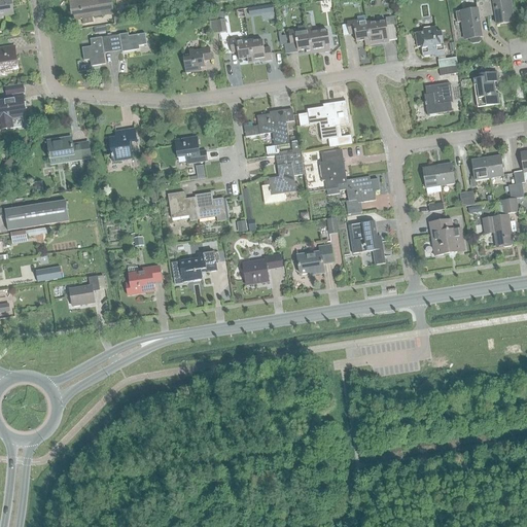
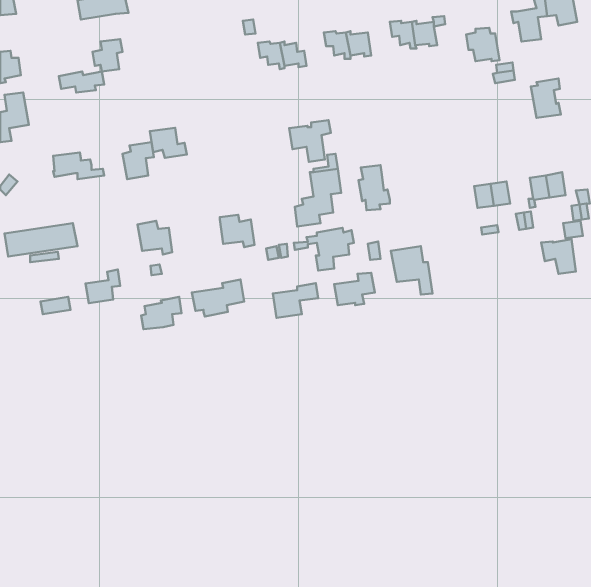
building: [107,31,147,49] -> [59,72,104,92]
building: [183,46,212,72] -> none
building: [424,81,452,112] -> none
building: [298,97,349,145] -> none
building: [175,135,208,162] -> [150,128,187,158]
building: [326,174,380,212] -> [294,228,354,271]
building: [168,189,199,219] -> [138,221,172,254]
building: [429,217,463,253] -> none
building: [69,275,100,305] -> [85,270,120,303]

